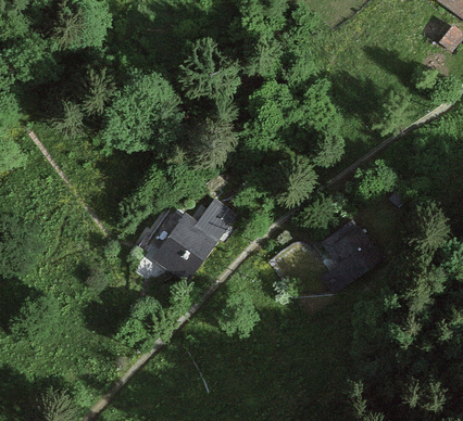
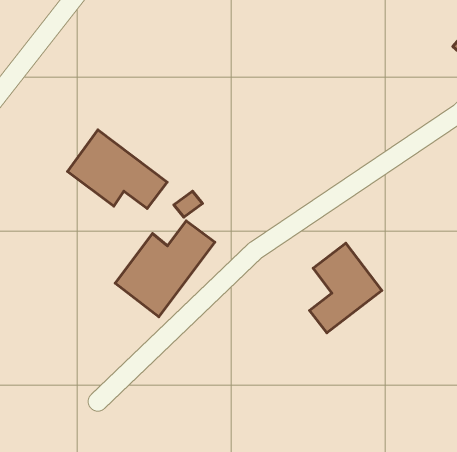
building: none -> [67,130,167,209]

